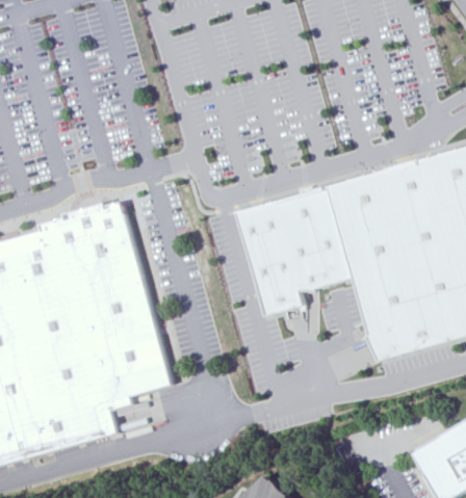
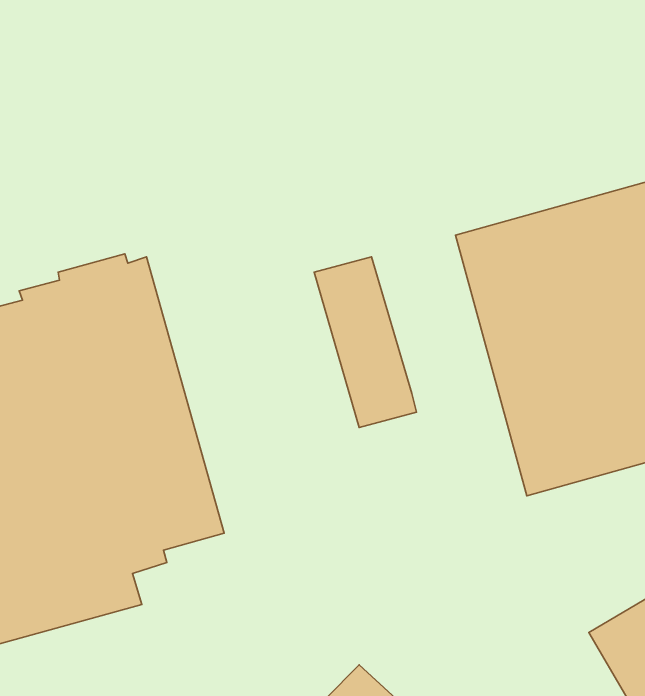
building: [271,186,353,292] -> none

